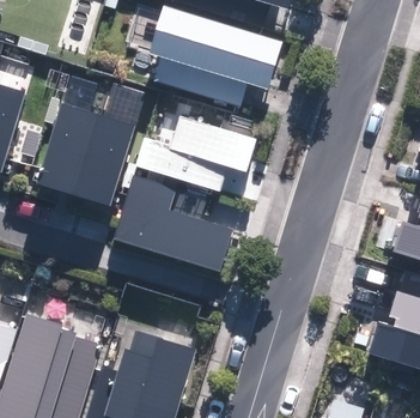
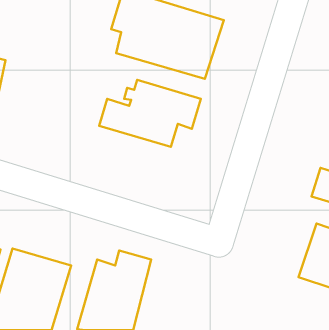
building: [42,101,134,205] -> none
building: [112,175,233,271] -> none

